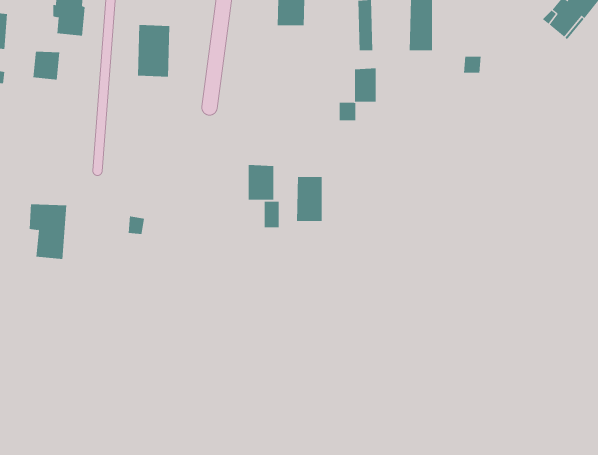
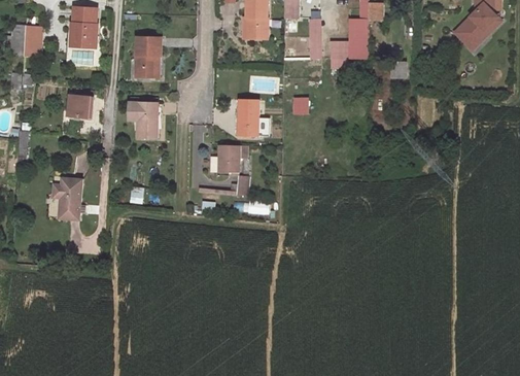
building: [32,51,60,80] -> [68,95,90,117]
building: [354,68,377,102] -> [330,40,347,67]
building: none -> [127,103,158,138]
building: [296,176,322,221] -> [240,101,261,136]

